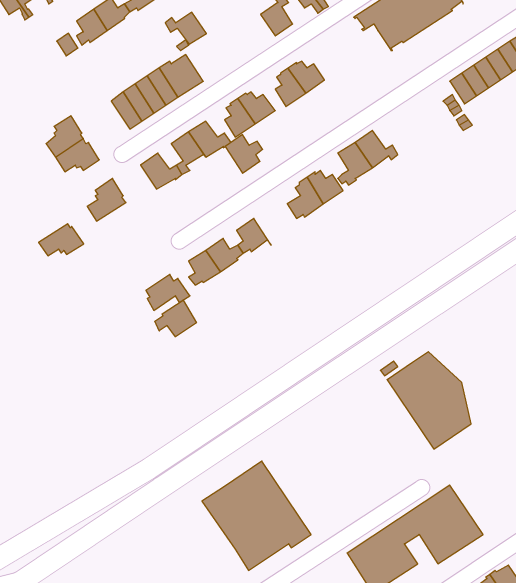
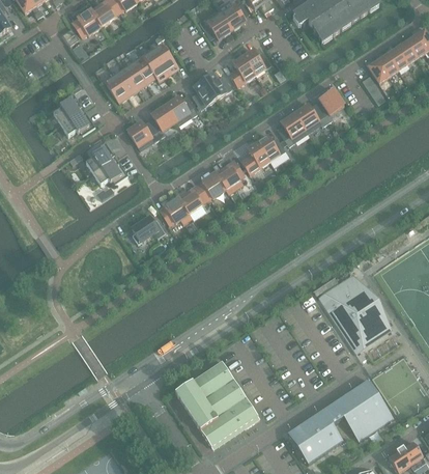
building: [165,12,206,44] -> [200,13,232,38]
building: none -> [319,89,344,122]
building: [225,135,263,173] -> [216,163,245,193]
building: [39,224,84,256] -> [93,160,128,185]
building: [155,300,196,337] -> none

